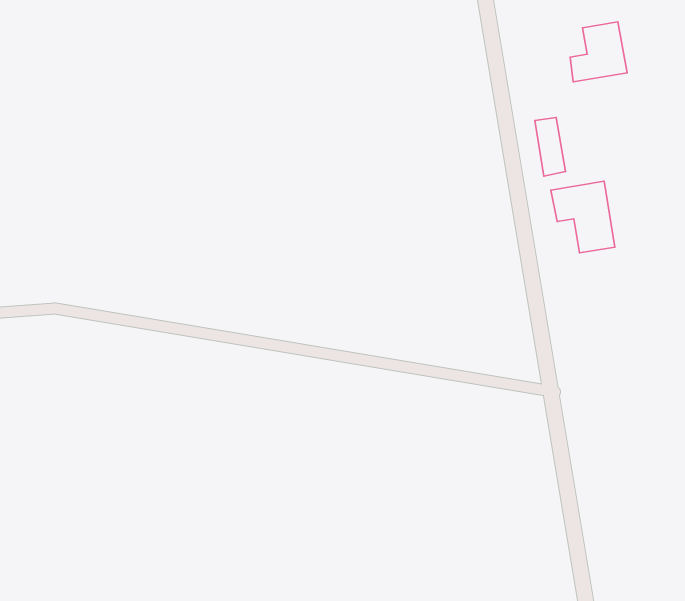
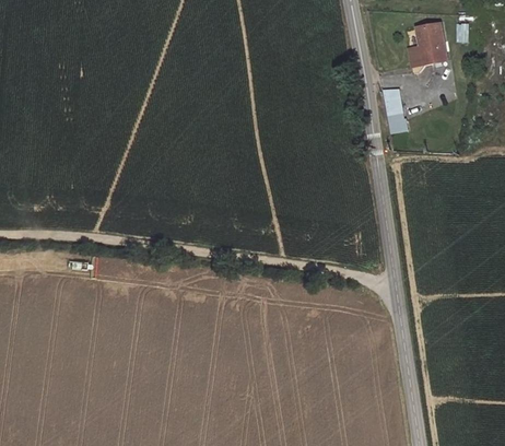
building: [551,181,615,253] -> none

